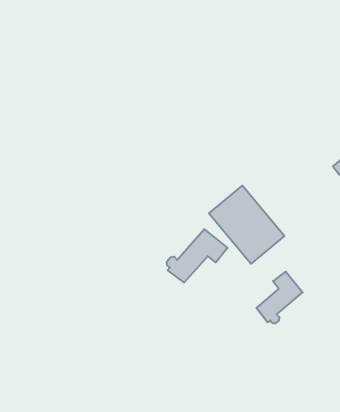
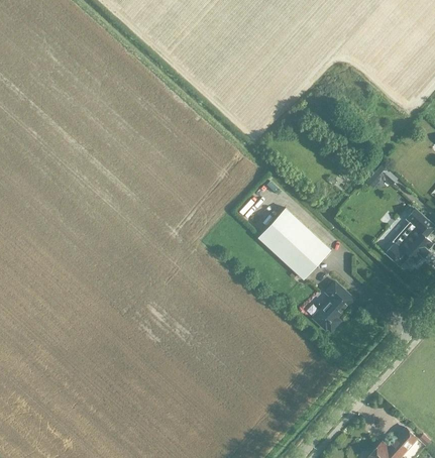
building: [167,229,228,283] -> none

